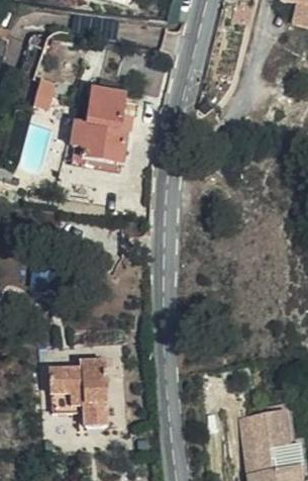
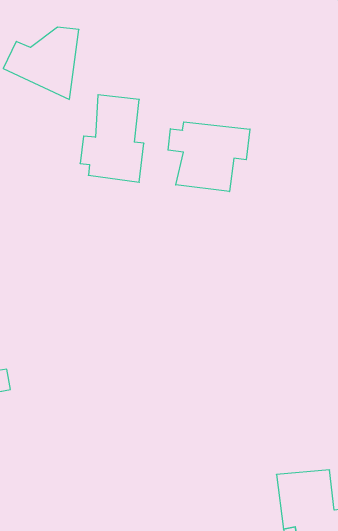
building: none -> [168,122,250,192]
building: [43,358,106,429] -> none

